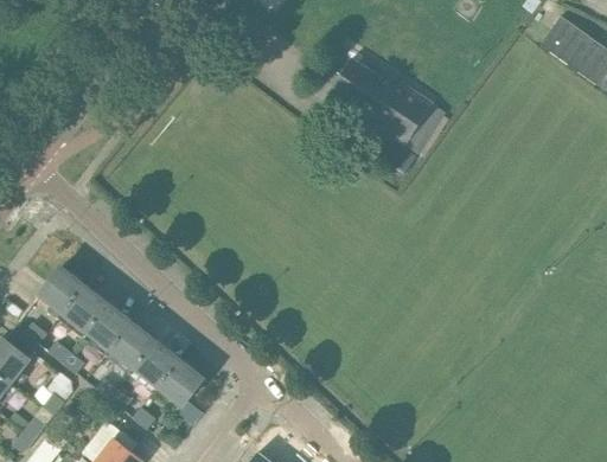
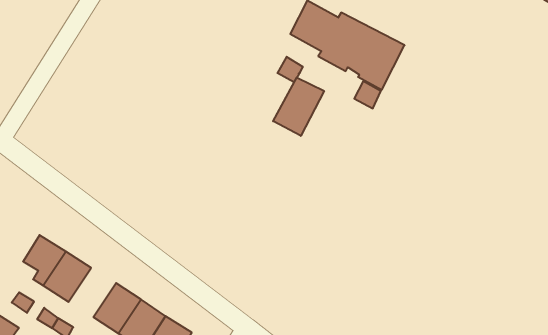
building: none -> [273,77,324,136]
building: [82,304,132,354] -> none

